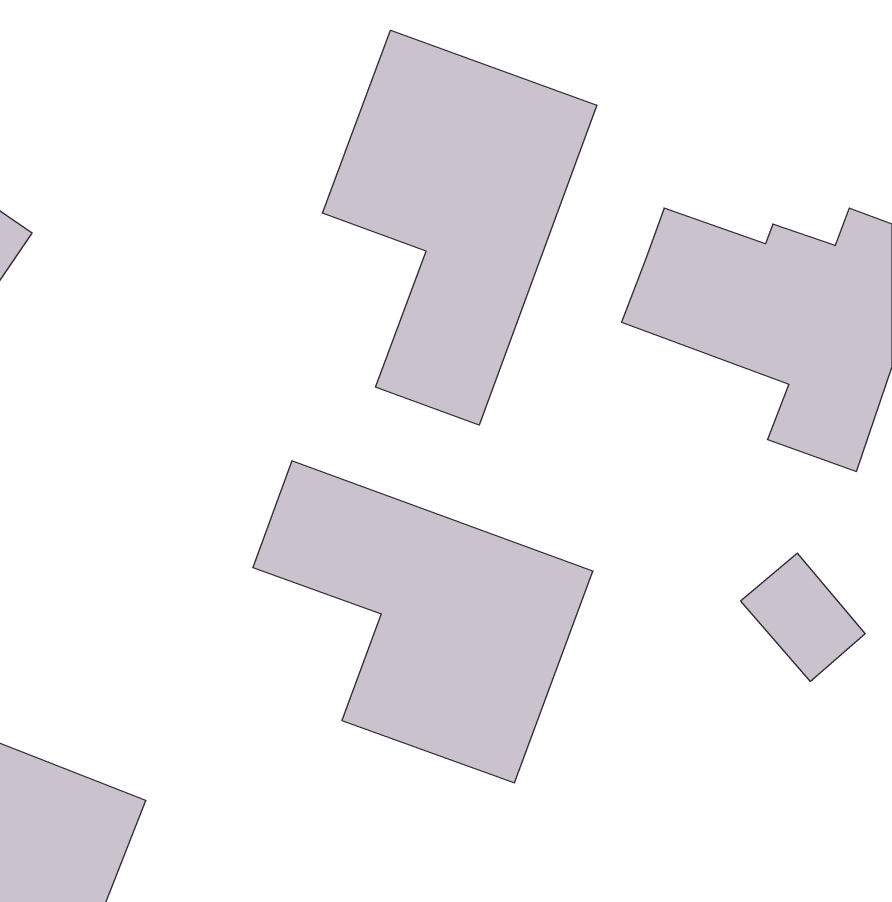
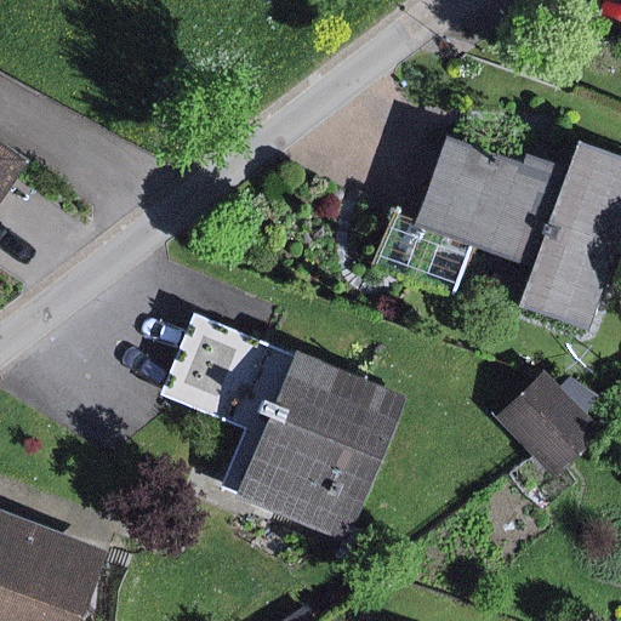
building: [322,30,597,425] -> none

